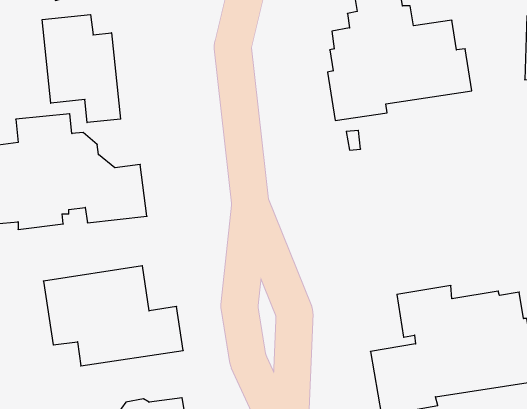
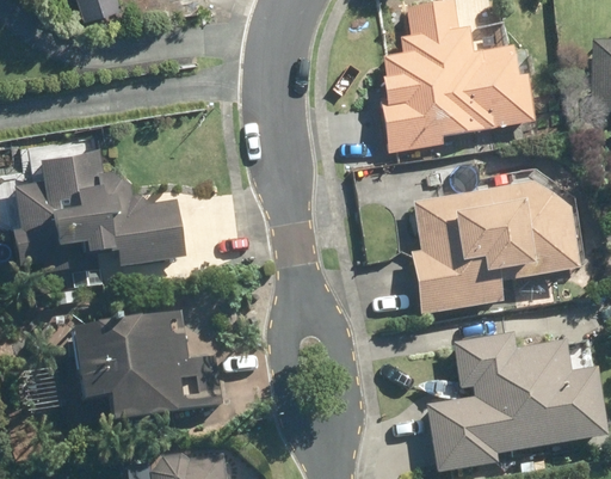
building: [42,15,121,123] -> none
building: none -> [412,184,576,314]

